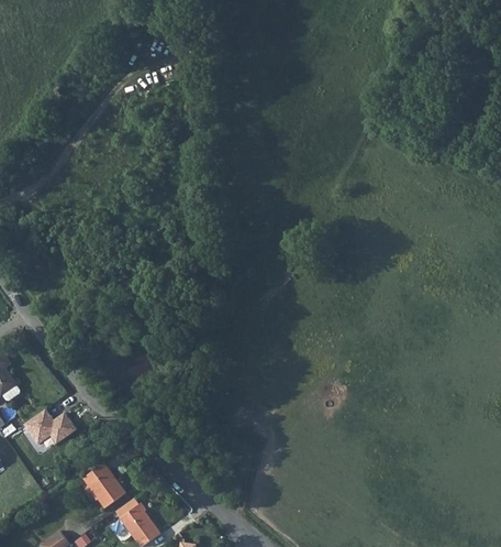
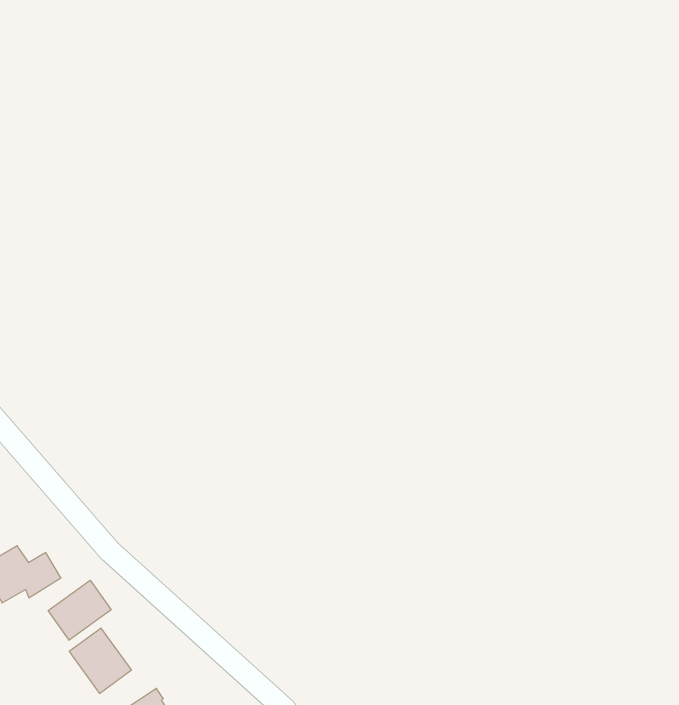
building: none -> [48,580,111,640]

